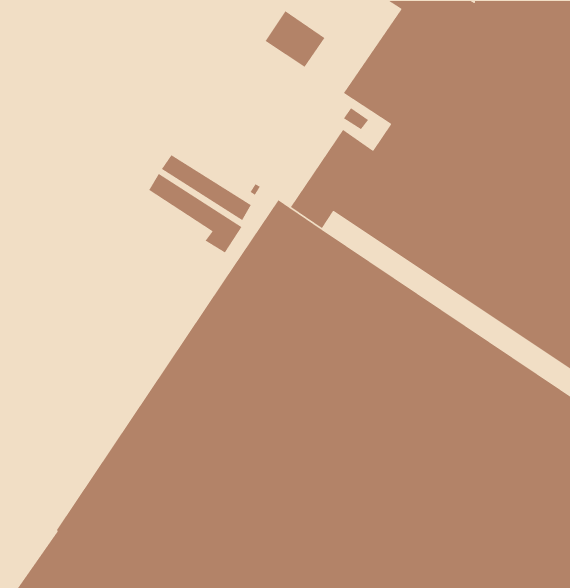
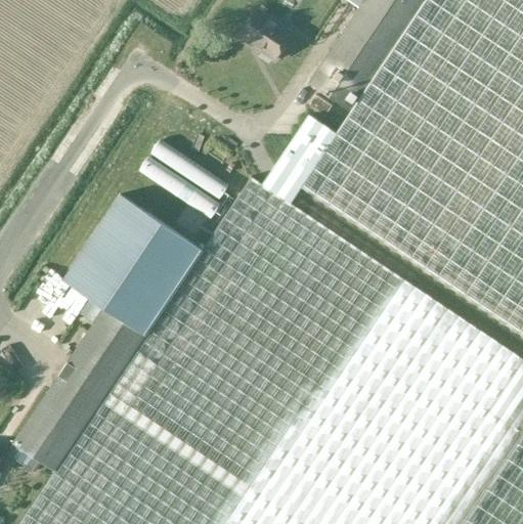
building: none -> [14,194,204,471]

